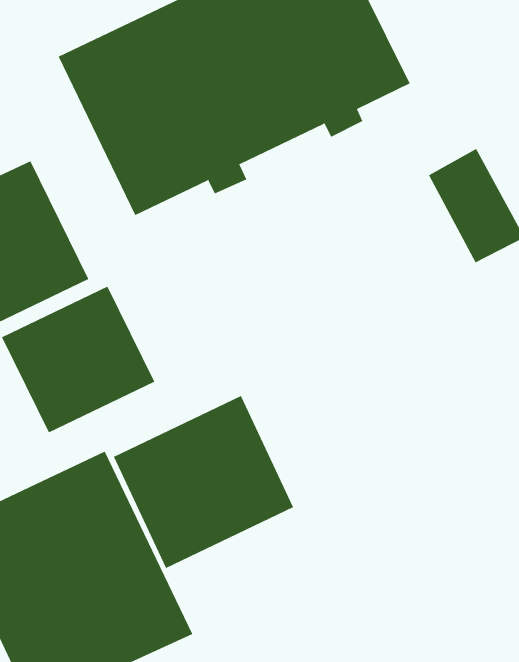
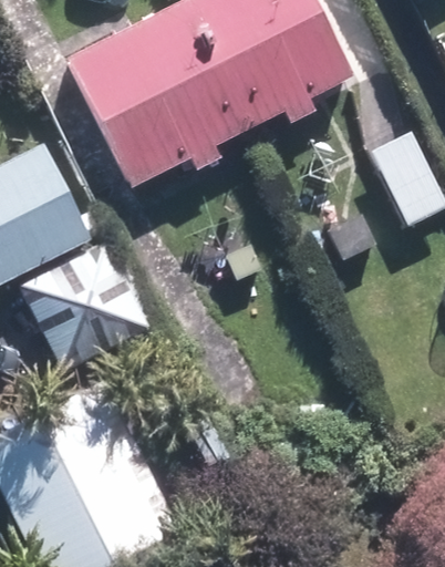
building: [113,395,294,569] -> none

